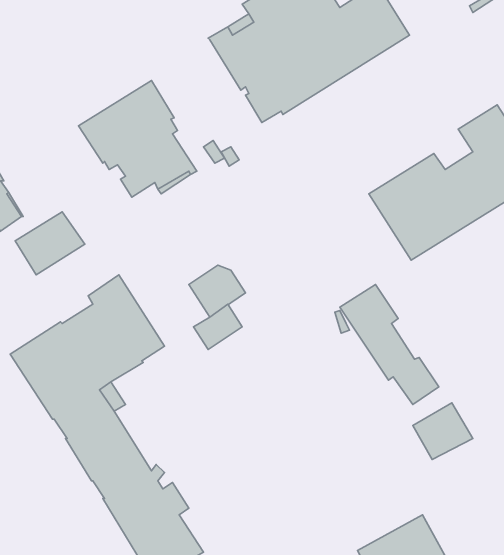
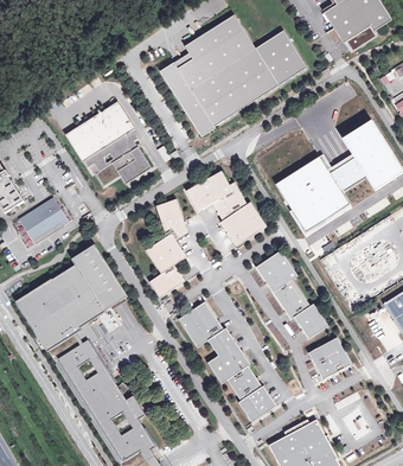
building: none -> [185,171,266,245]
building: none -> [155,198,187,240]
building: none -> [177,300,276,422]

